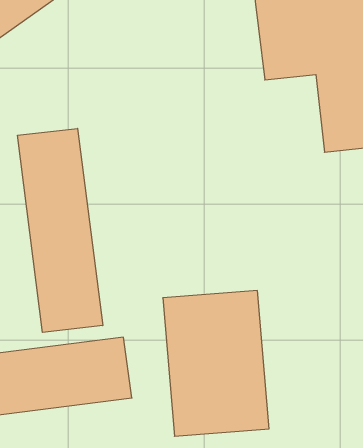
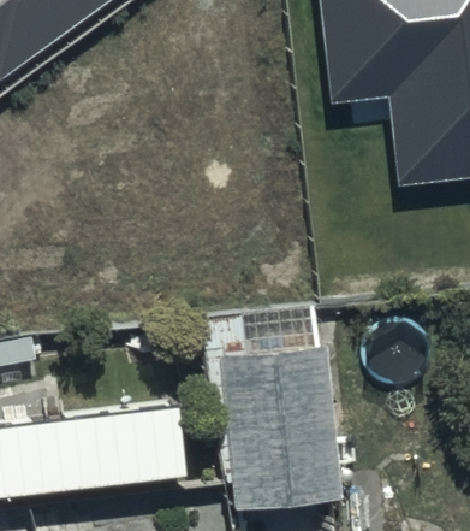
building: [18,128,103,332] -> none

